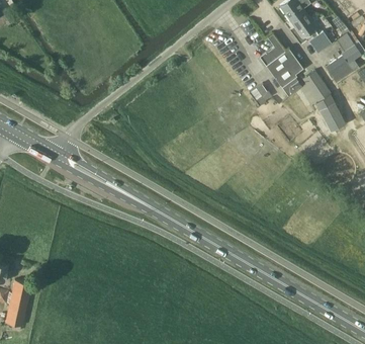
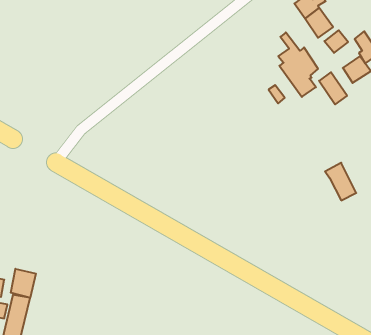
building: [315,95,345,131] -> [325,163,356,200]
building: none -> [11,269,36,298]

